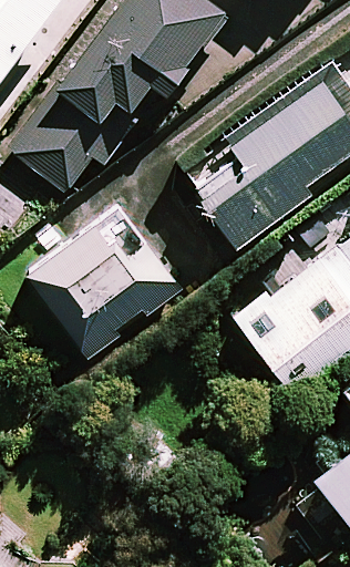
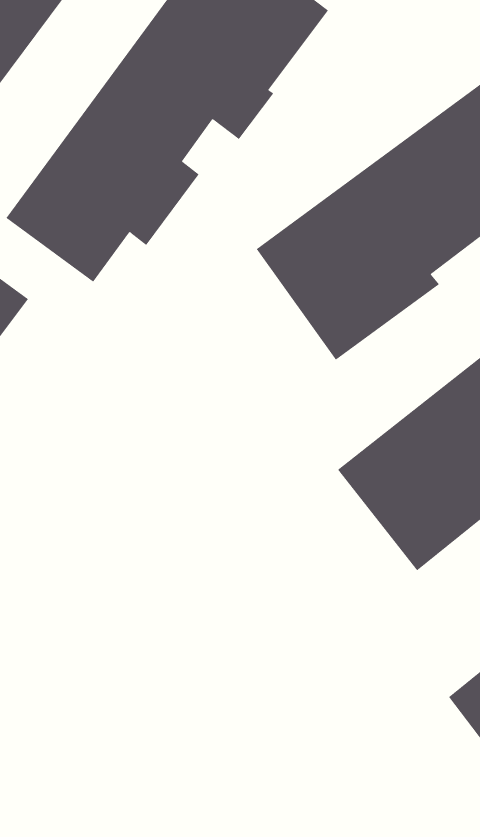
building: [25,207,174,353] -> none

